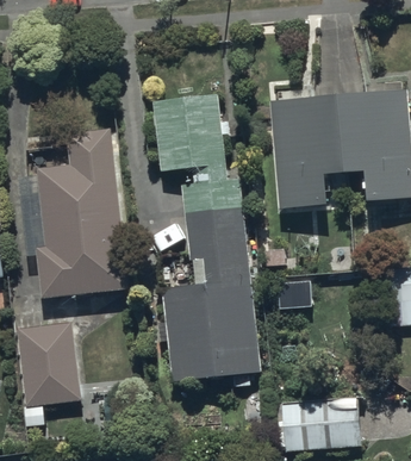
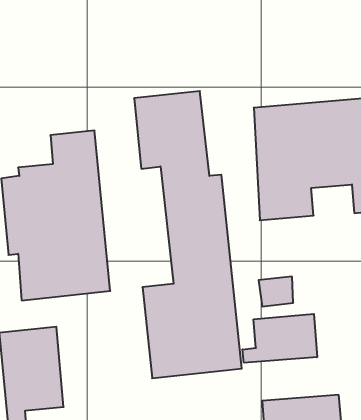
building: none -> [242,314,317,363]

